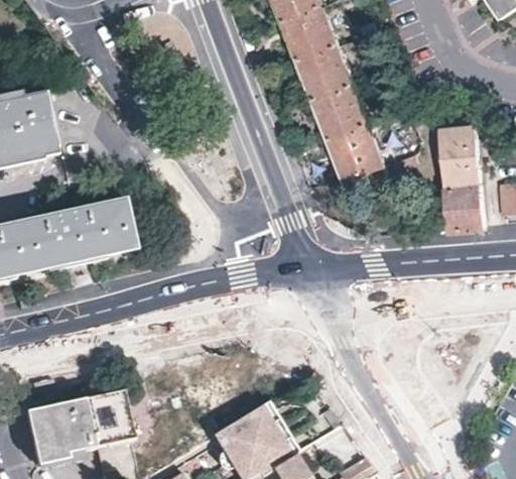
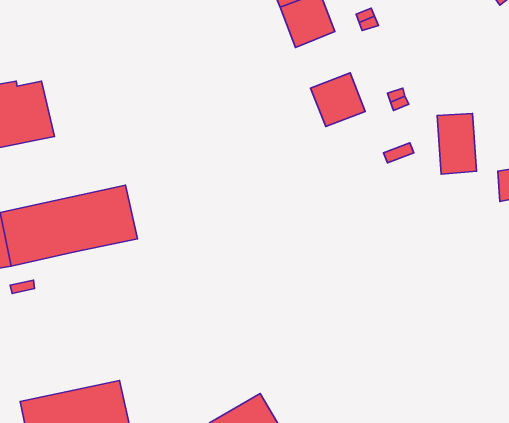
building: [297,43,352,100] -> none
building: [328,123,383,181] -> none
building: [442,183,482,231] -> none

